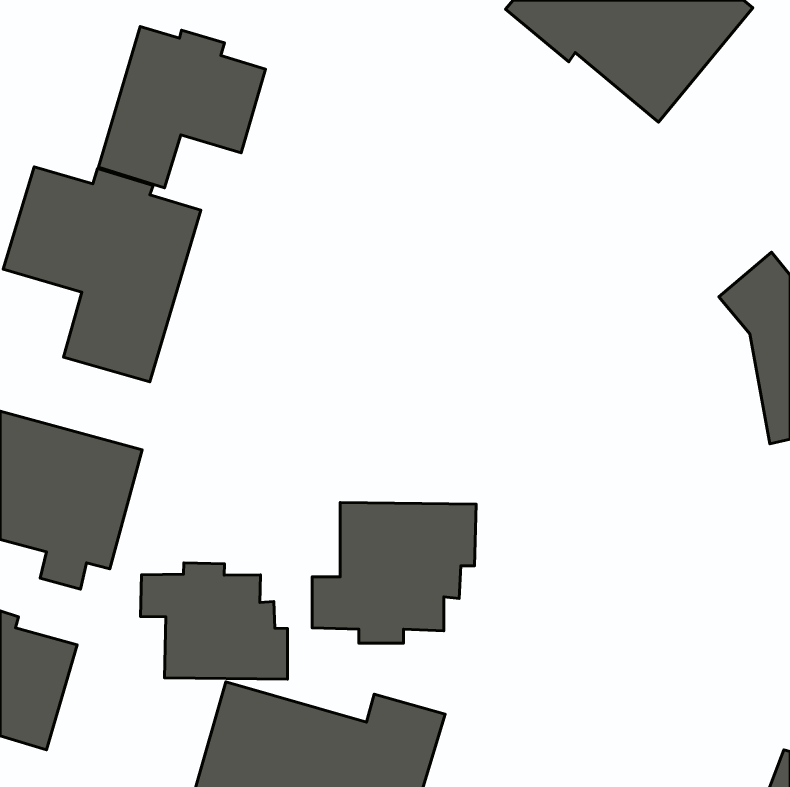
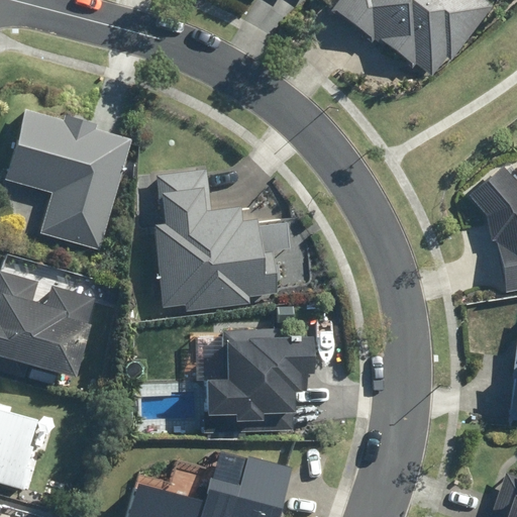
building: [98,27,266,188] -> none
building: none -> [153,168,290,313]
building: [141,563,288,679] -> none

